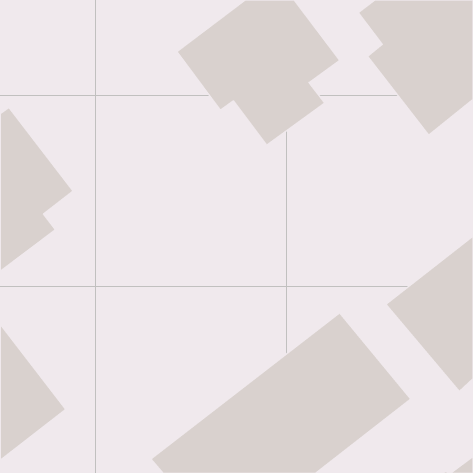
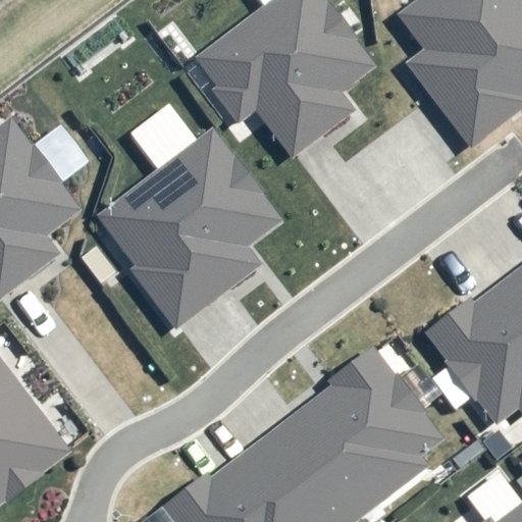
building: none -> [99,127,281,328]

